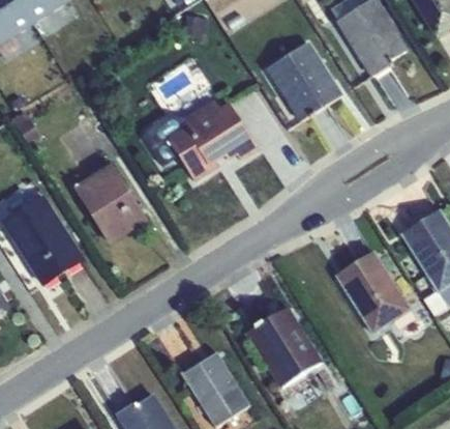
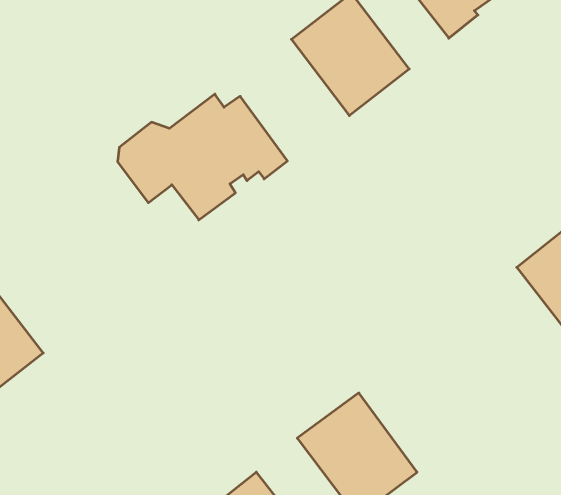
building: [72,162,147,244] -> none
building: [335,250,411,334] -> none

